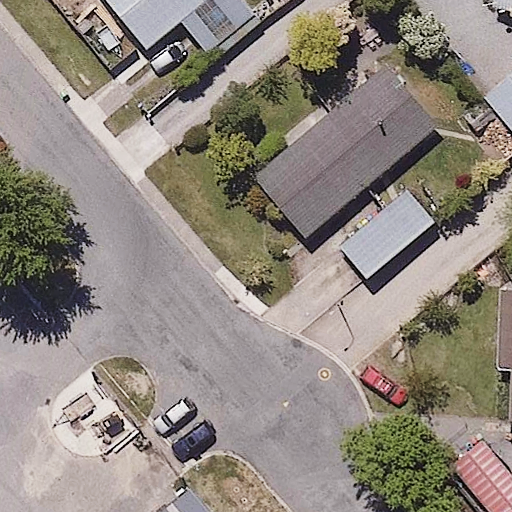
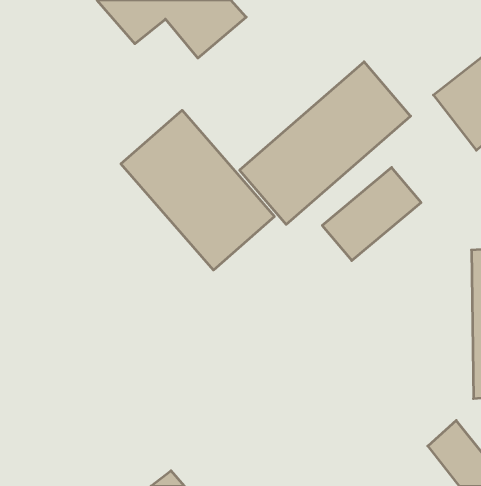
building: none -> [121,110,274,270]

